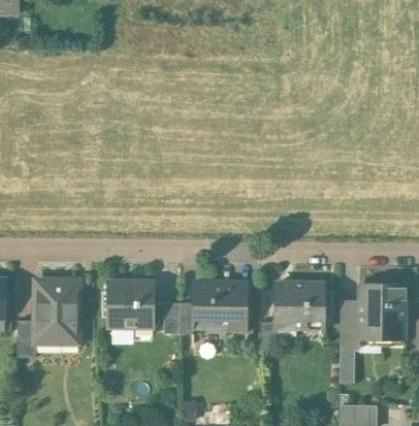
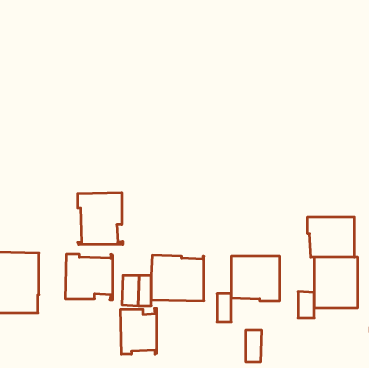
building: none -> [78,193,123,245]
building: none -> [308,217,354,257]
building: none -> [121,308,157,354]
building: [343,347,359,379] -> [246,330,262,362]

